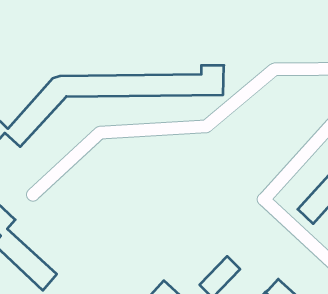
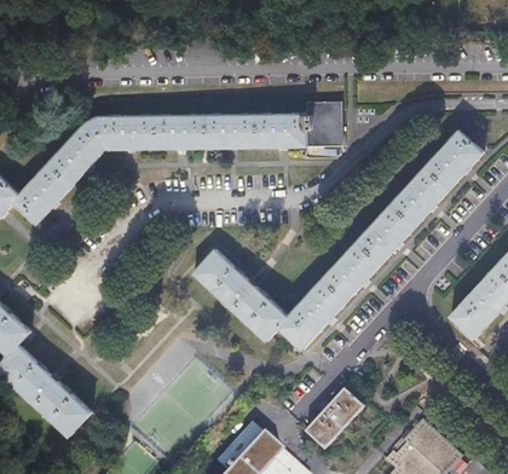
building: none -> [194,131,481,348]

